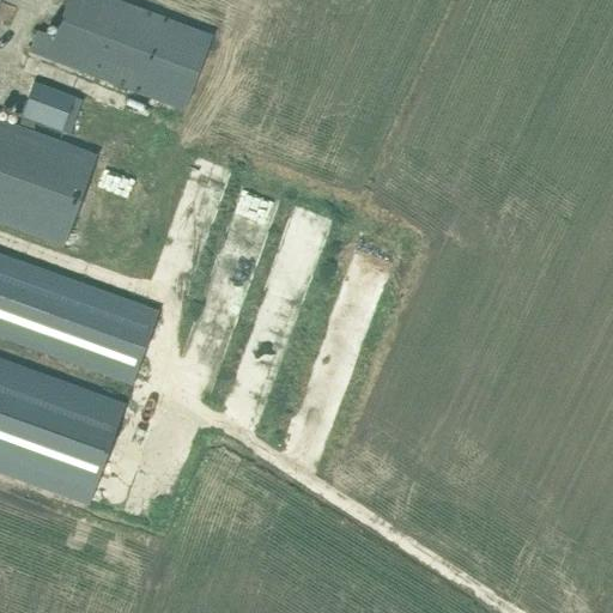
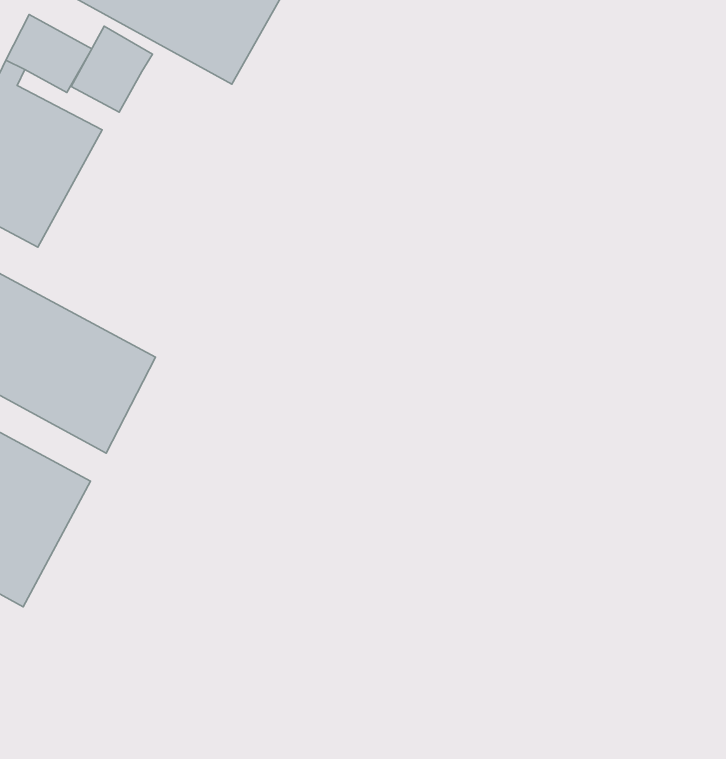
building: none -> [71,26,152,112]

